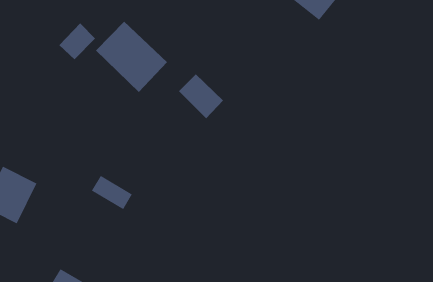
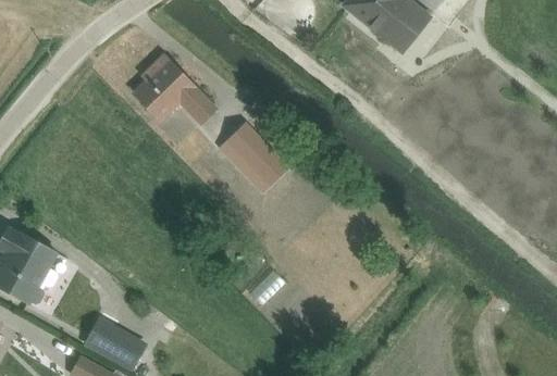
building: [59,23,96,60] -> none
building: [91,175,133,210] -> [91,322,144,365]

